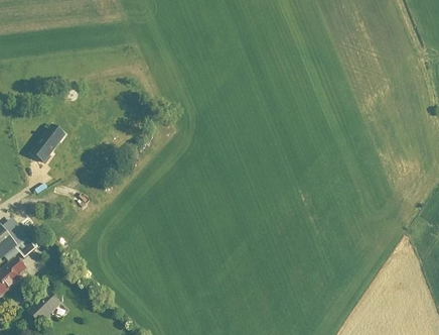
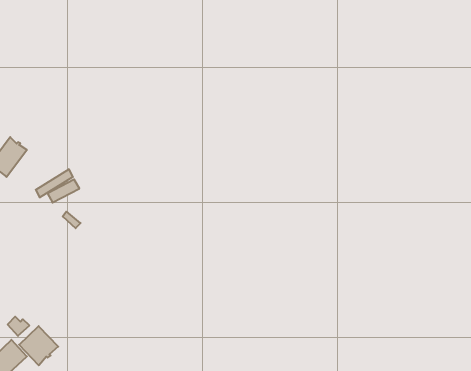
building: none -> [19,326,58,365]

